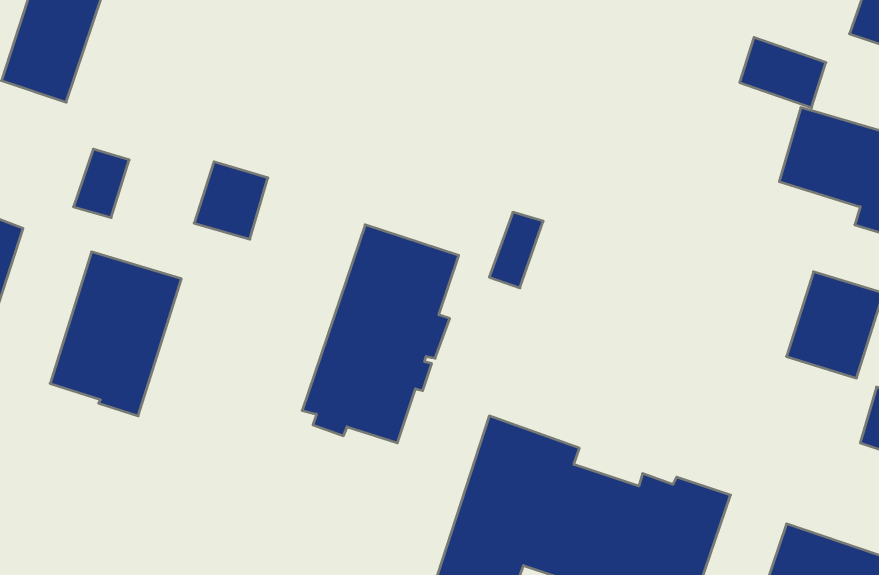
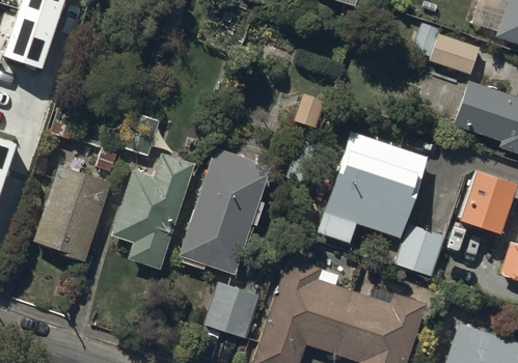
building: none -> [305,132,426,244]
building: none -> [111,151,194,269]
building: none -> [396,225,443,276]
building: none -> [201,282,260,339]

